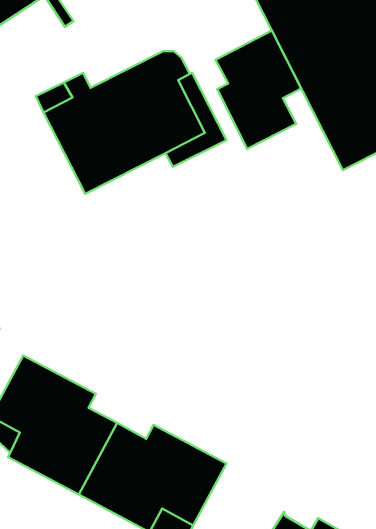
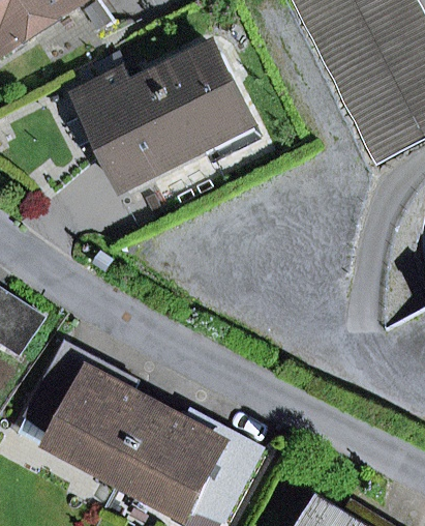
building: [216,31,301,149] -> none

